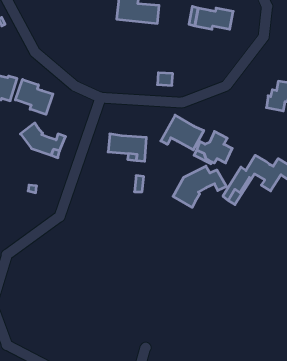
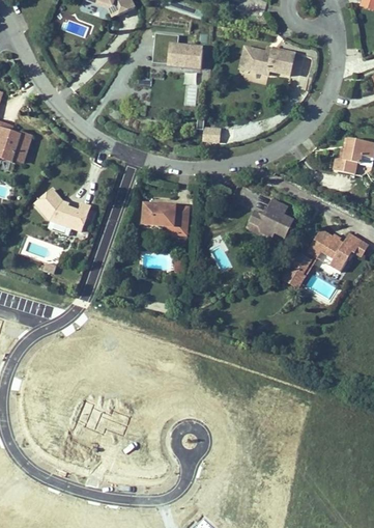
building: [15,79,53,114] -> none
building: [161,115,204,150] -> none
building: [173,166,226,207] -> none

